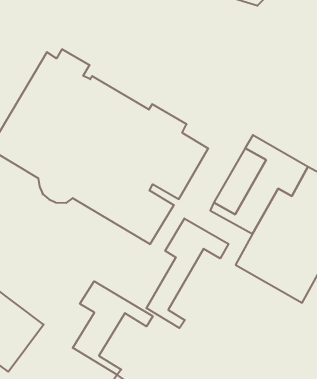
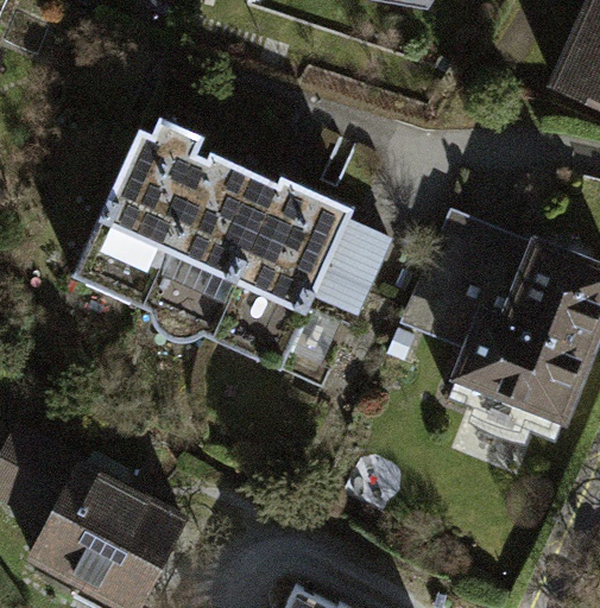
building: [146,218,228,328] -> none
building: [73,281,153,375] -> none

